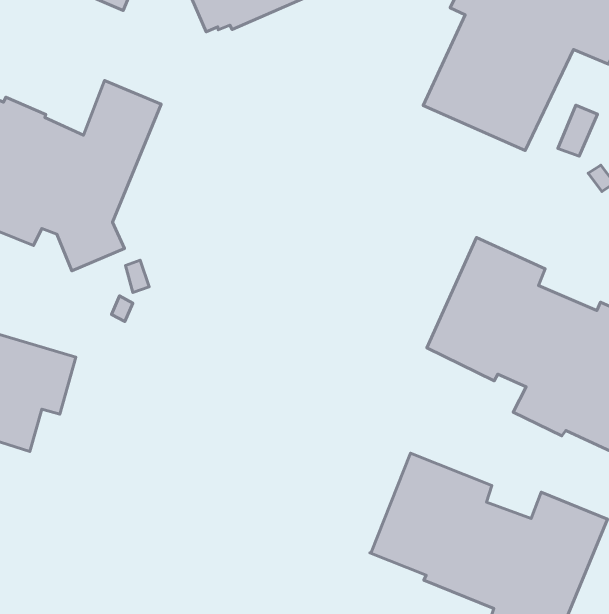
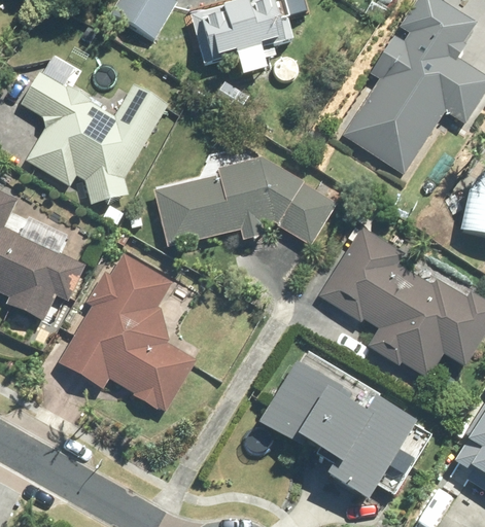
building: none -> [153,156,338,246]
building: none -> [59,249,198,411]

